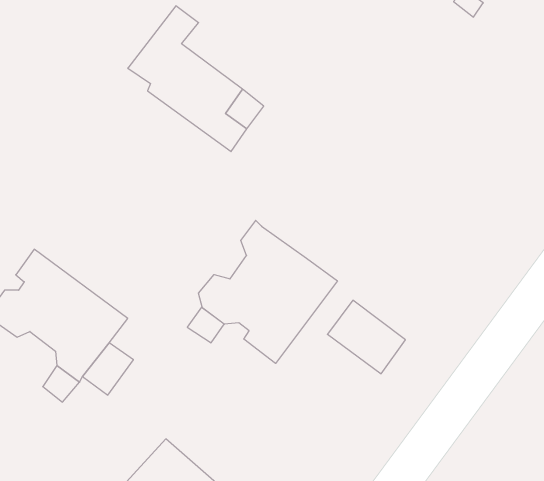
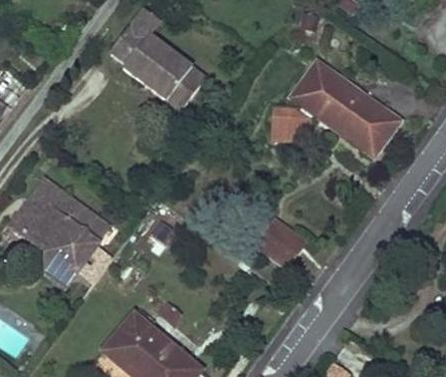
building: none -> [274,60,399,153]
building: [198,220,337,363] -> none

